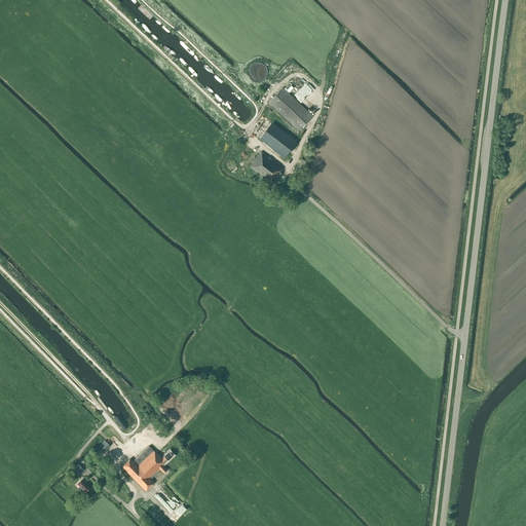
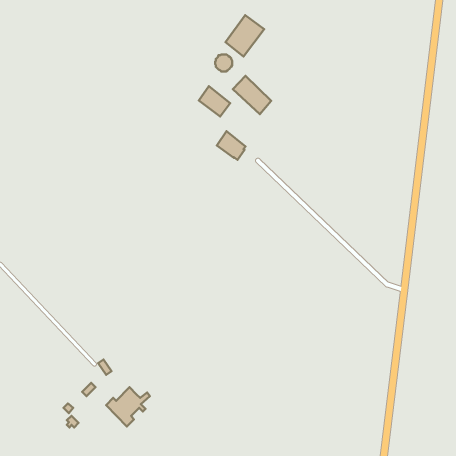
building: none -> [226,15,264,57]
building: [260,121,296,156] -> [199,86,230,117]

